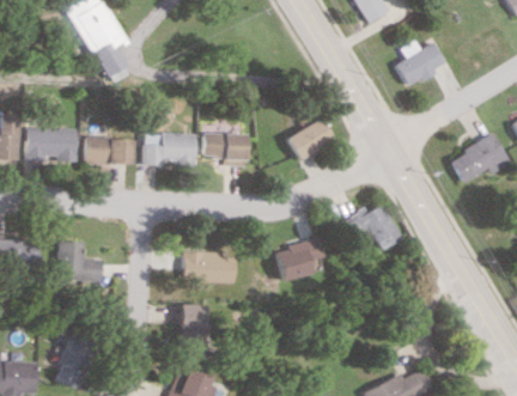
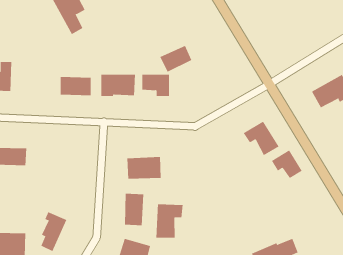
building: [391,39,442,87] -> none
building: [286,118,333,158] -> [160,45,192,73]
building: [28,127,79,162] -> none
building: [274,238,326,280] -> none
building: [60,240,105,281] -> none
building: none -> [271,150,302,179]
building: none -> [156,204,183,238]

